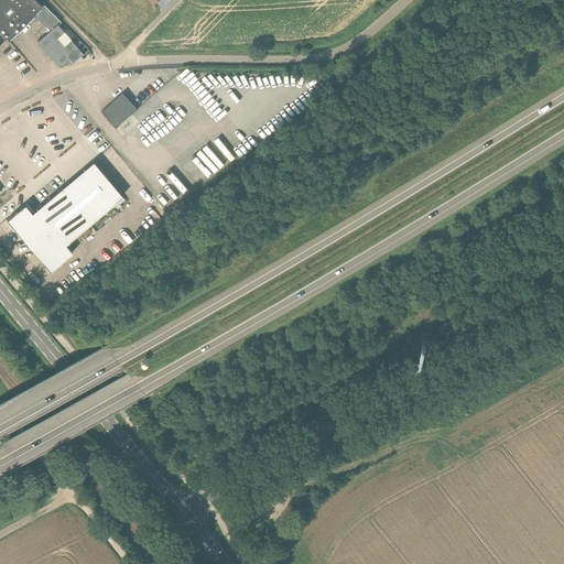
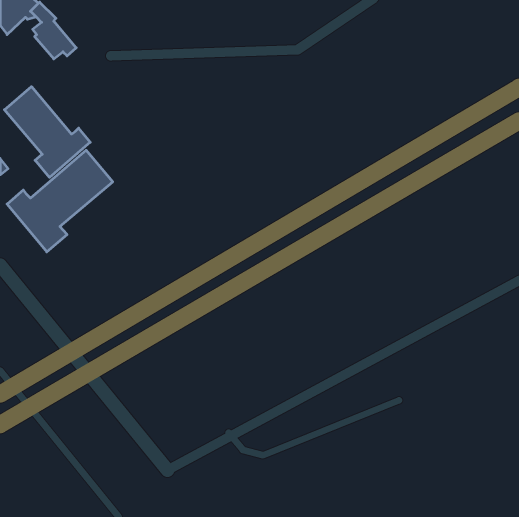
building: [101,94,137,128] -> none
building: none -> [4,87,90,177]

